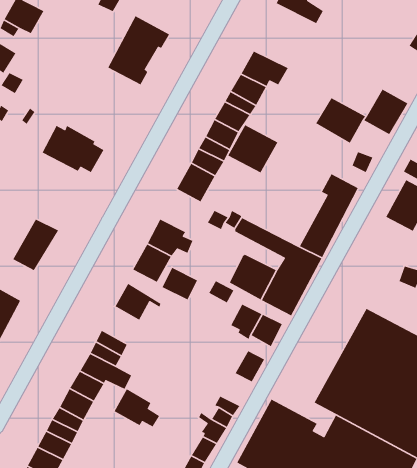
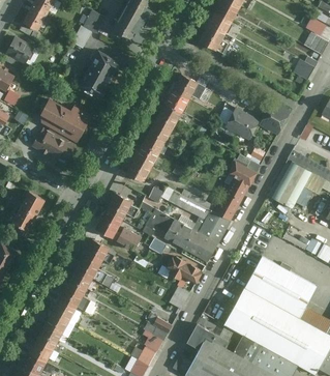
building: none -> [40,97,93,142]
building: [227,124,278,174] -> none
building: none -> [142,209,174,238]
building: [113,388,160,428] -> [74,255,108,283]

